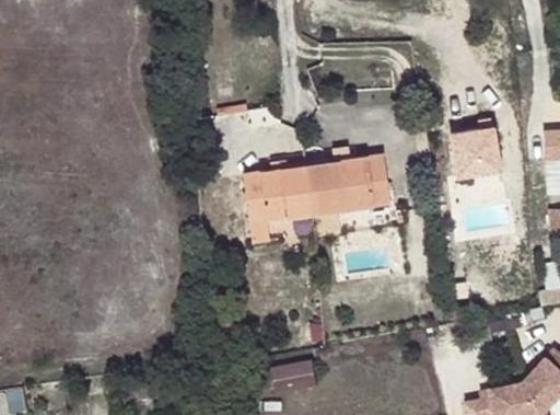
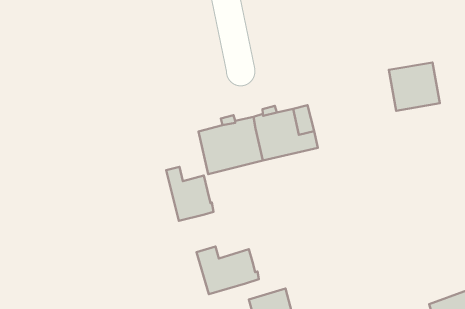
building: none -> [166,167,214,221]
building: none -> [197,247,259,294]

